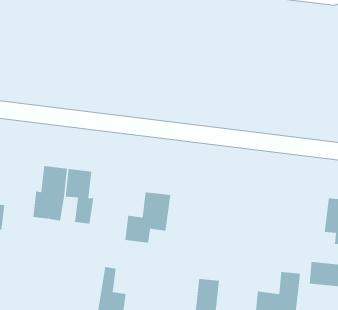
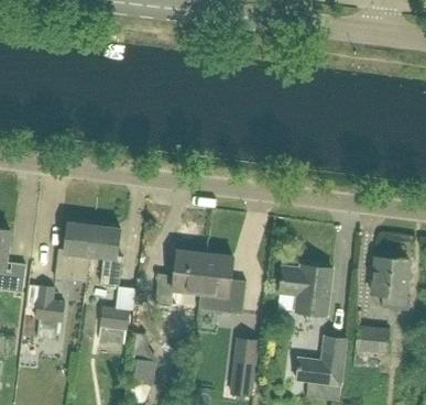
building: none -> [199,253,244,314]
building: none -> [280,265,332,315]
building: none -> [33,285,64,322]
building: none -> [98,306,128,343]

